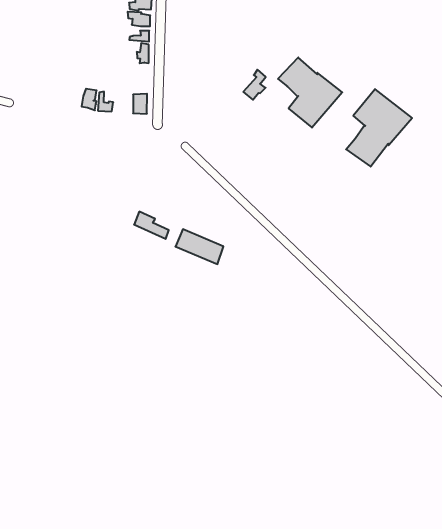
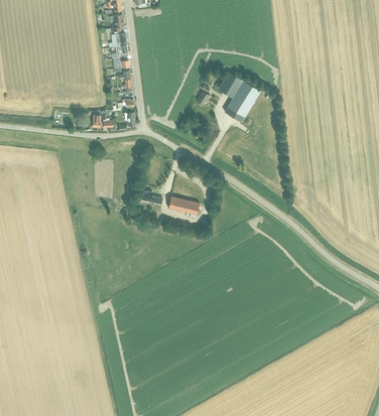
building: [346,89,412,167] -> none

